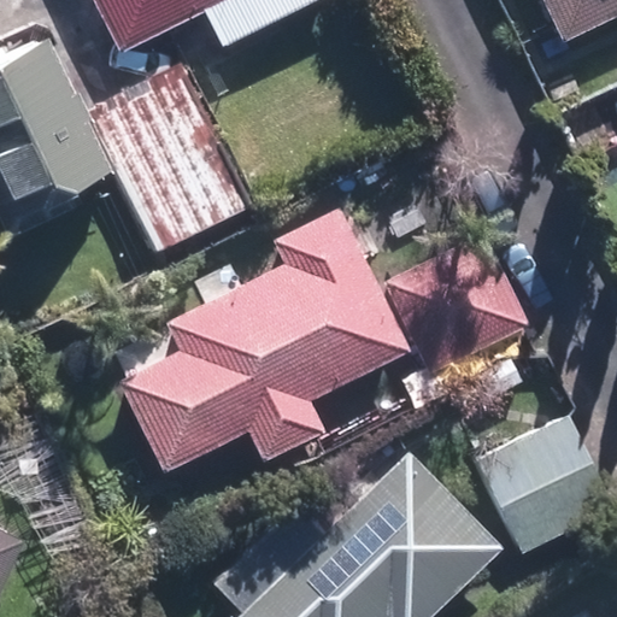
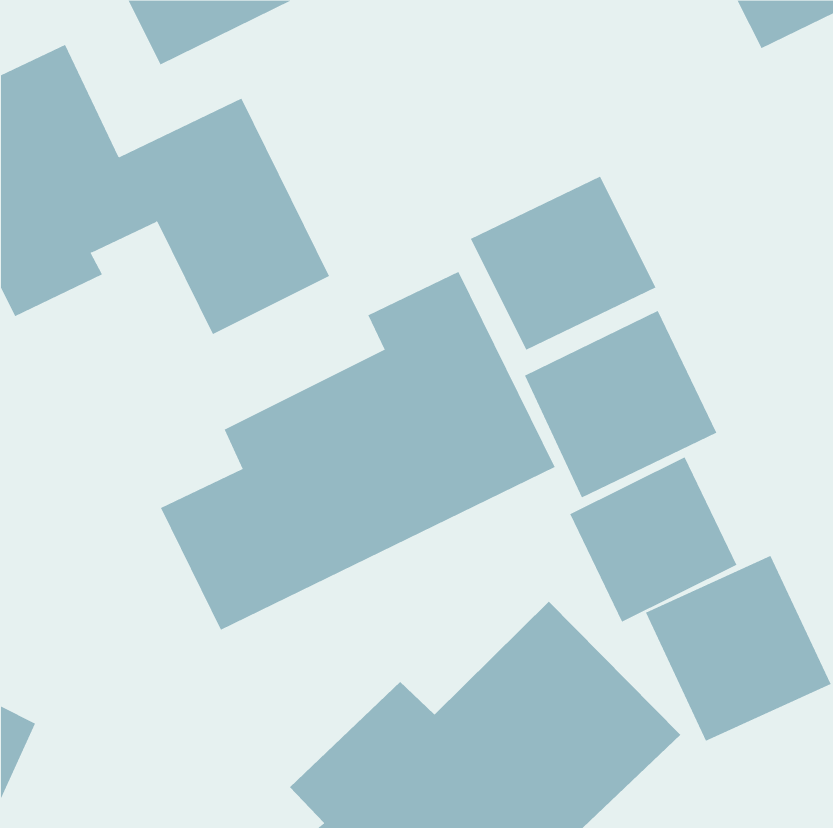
building: none -> [470,176,656,350]
building: none -> [569,457,737,622]

